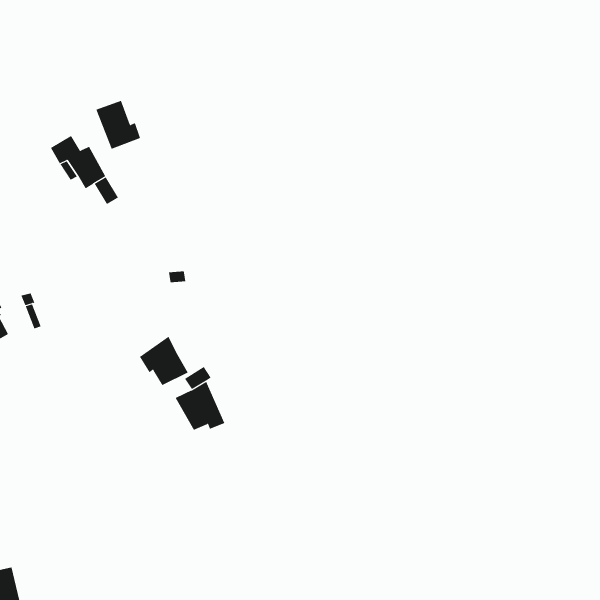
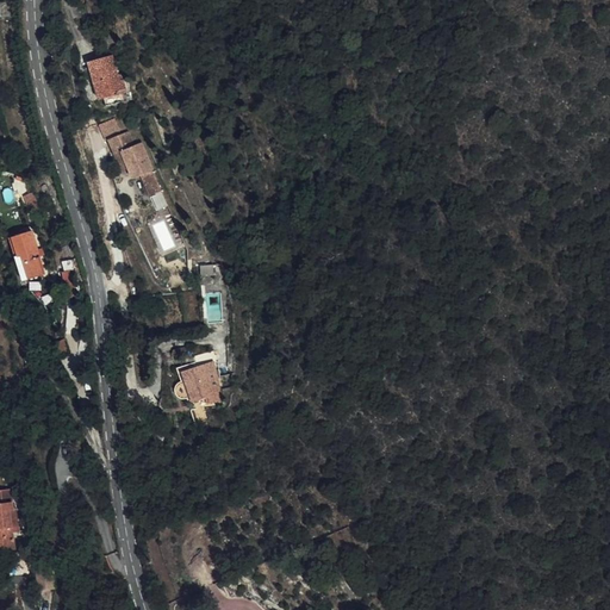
building: [96,100,141,149] -> [92,52,127,94]
building: [139,336,188,386] -> none

